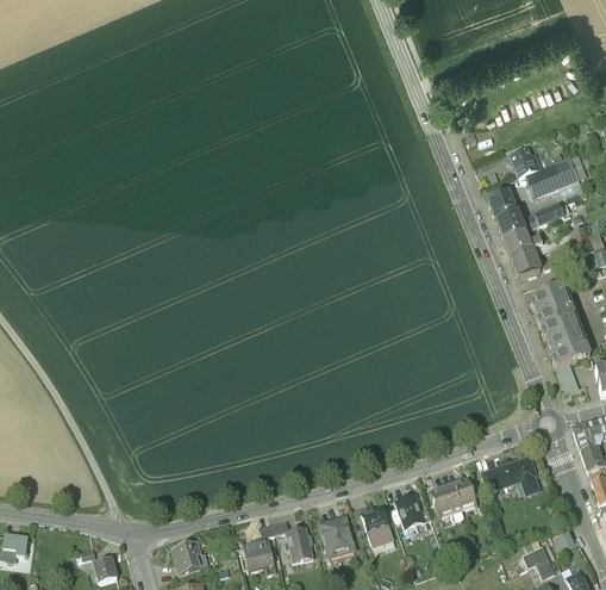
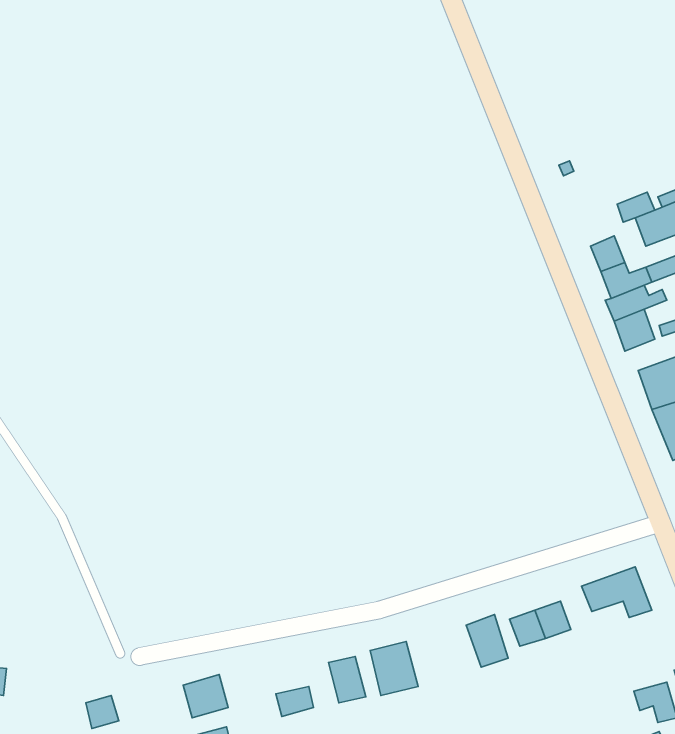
building: [363,514,394,547] -> none

